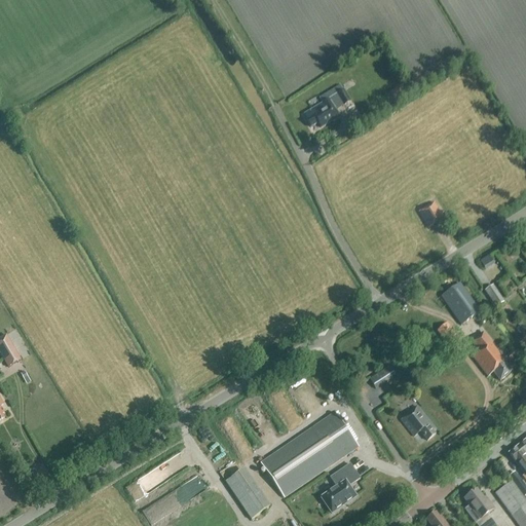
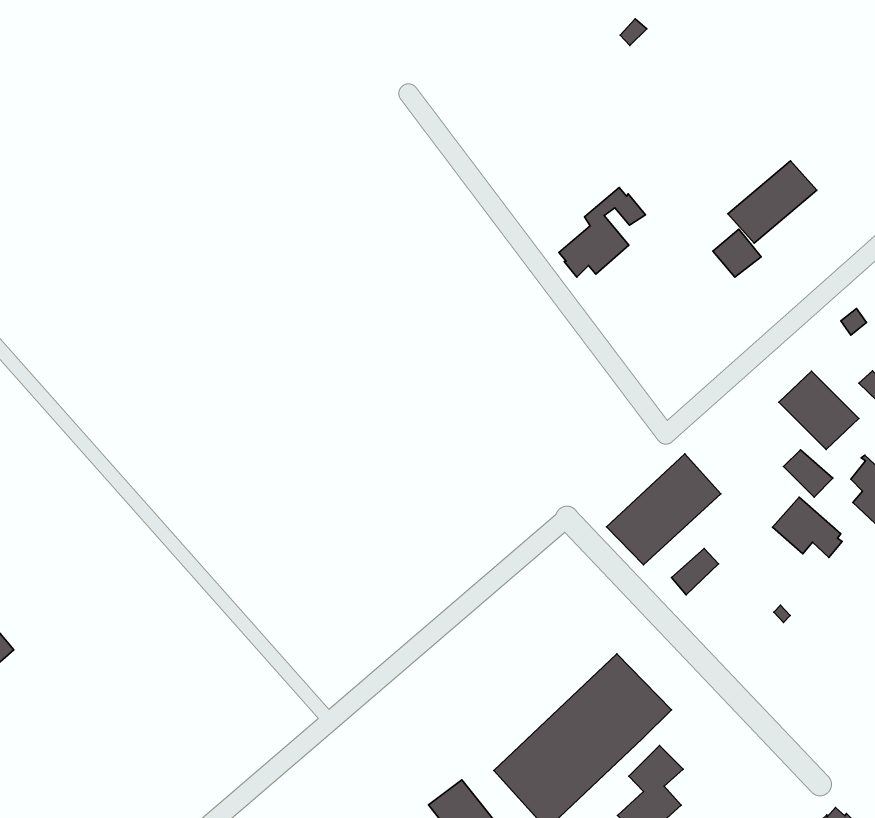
building: [303,83,351,126] -> [559,187,645,277]
building: none -> [728,161,817,243]
building: none -> [607,454,721,565]
building: [401,405,436,439] -> [773,497,842,557]

